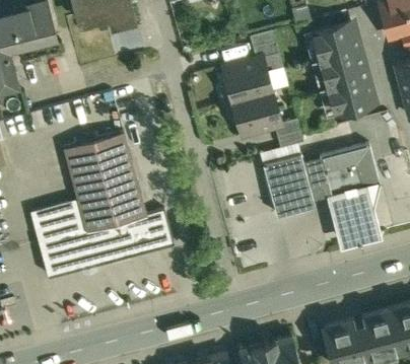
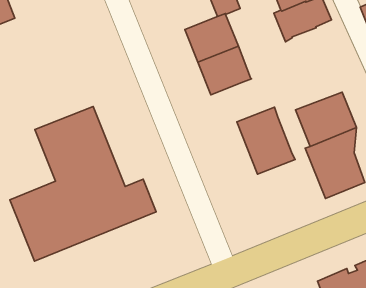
building: [327,76,375,117] -> none
building: [274,120,303,149] -> none
building: [303,160,332,203] -> none

